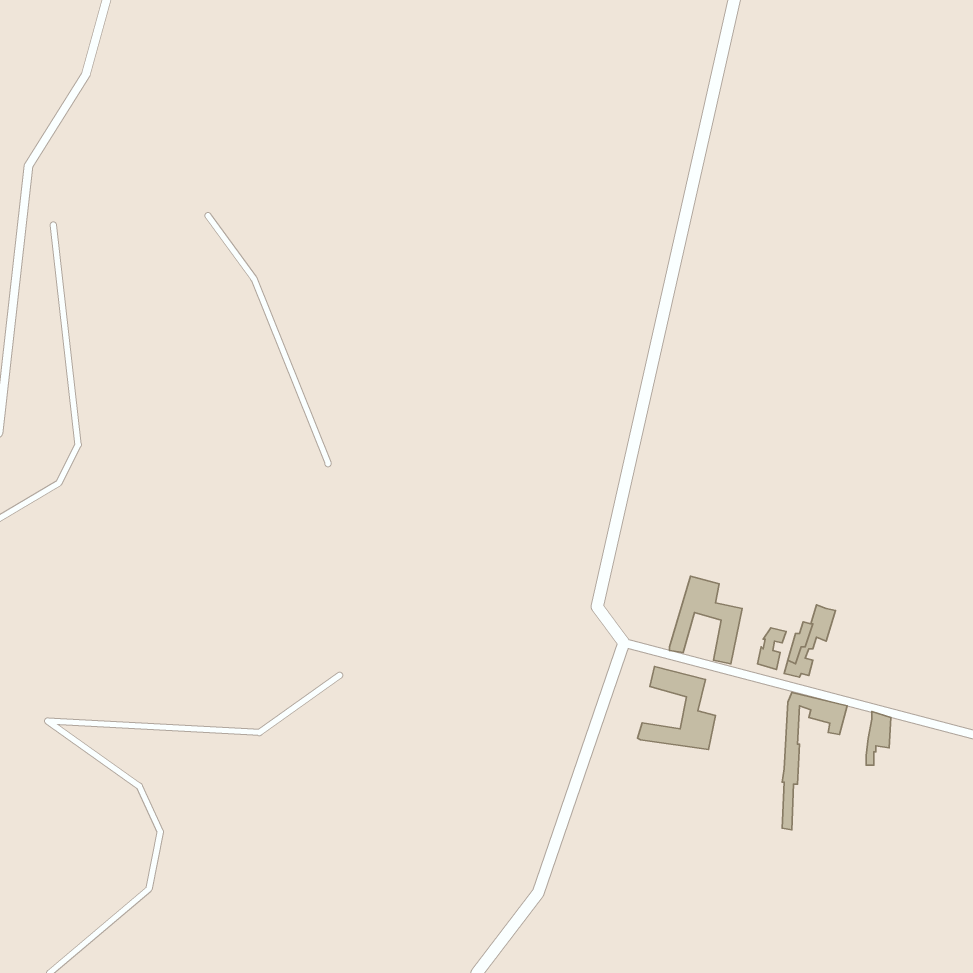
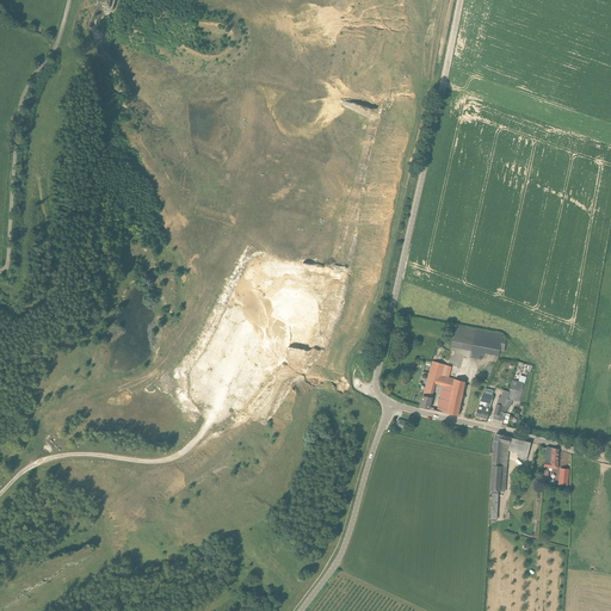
building: none -> [450,325,505,357]
building: [637,667,715,750] -> none

